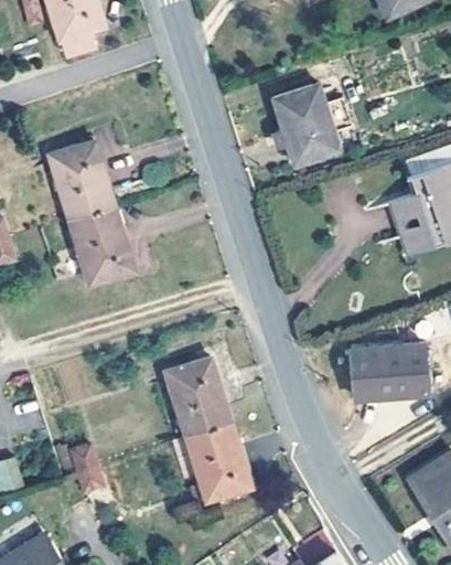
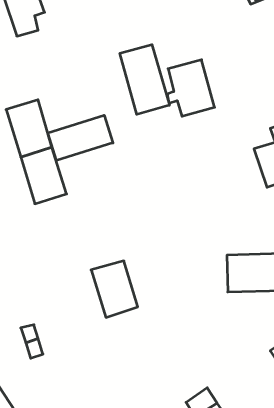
building: none -> [120,45,169,114]
building: none -> [48,115,113,160]
building: [186,419,249,497] -> none

